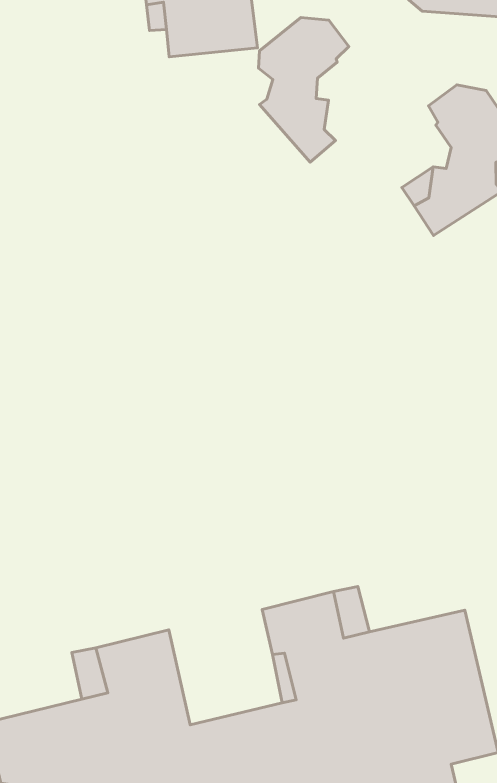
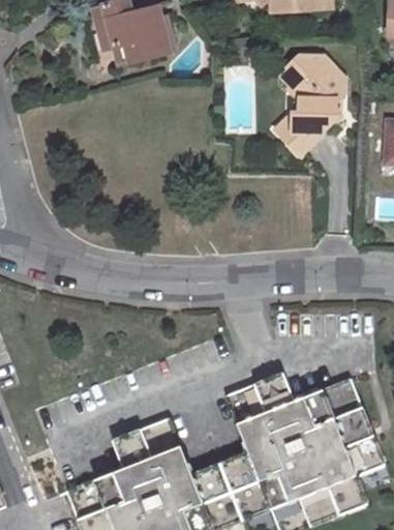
building: [258,18,349,162] -> none

